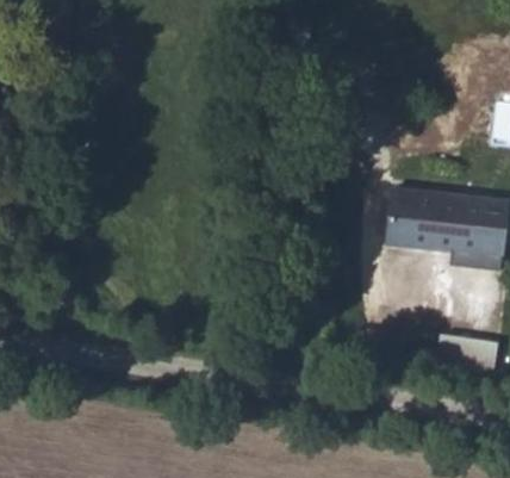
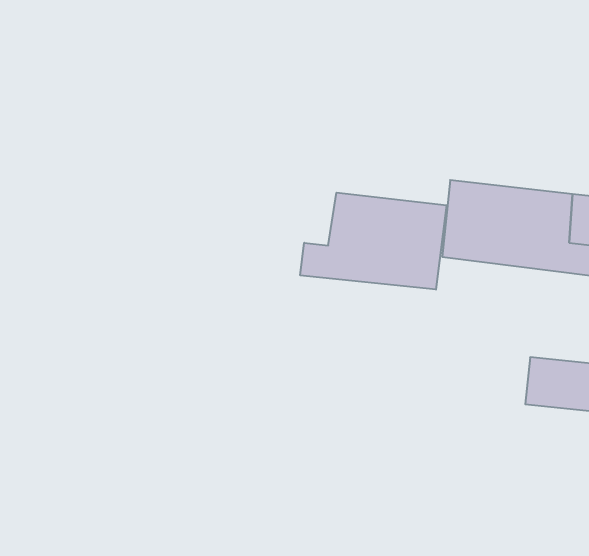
building: none -> [300,193,447,290]

